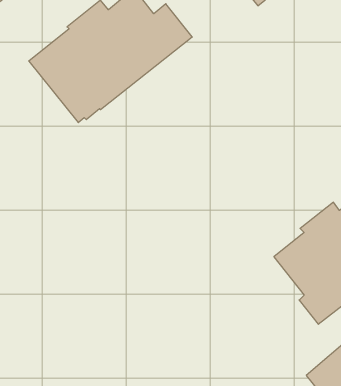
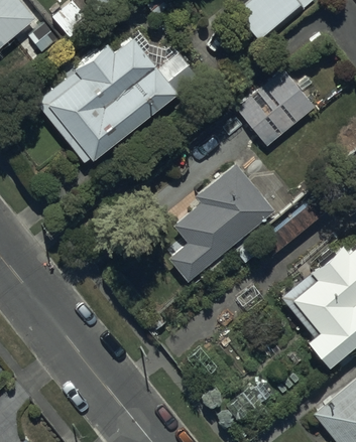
building: none -> [237,68,317,147]
building: none -> [168,162,285,282]

